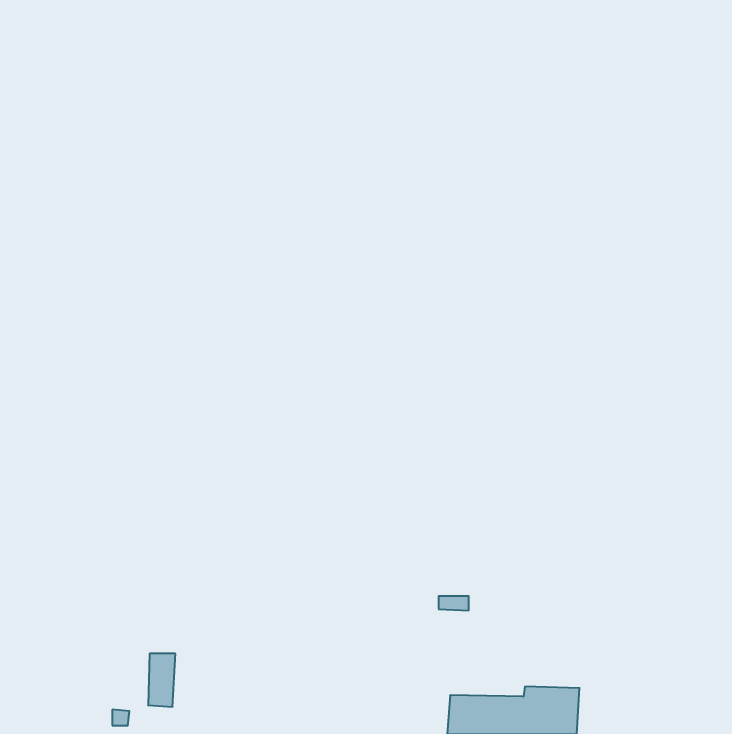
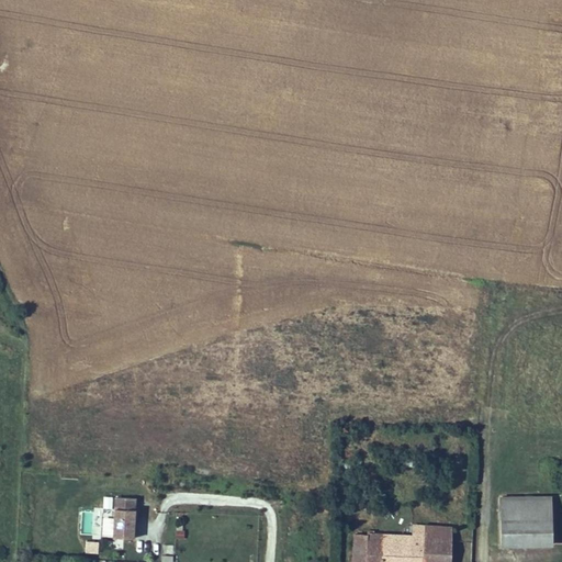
building: none -> [502,497,554,548]

